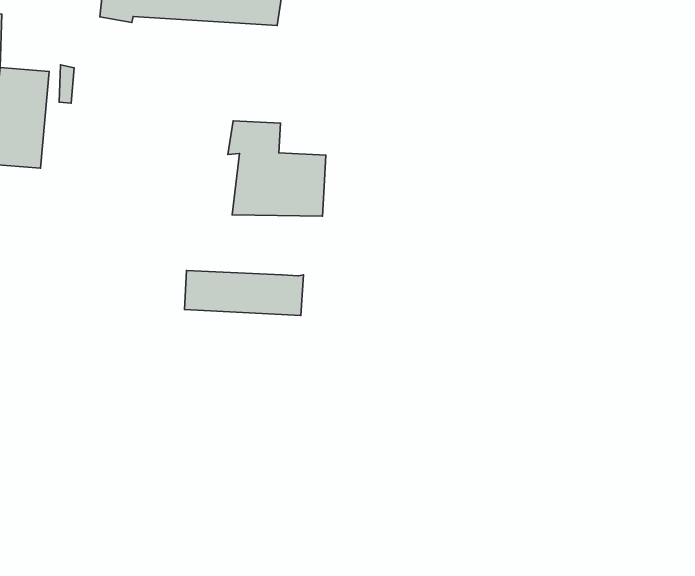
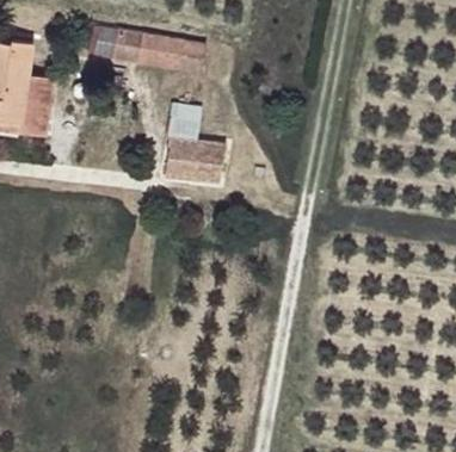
building: [184,271,303,316] -> none

